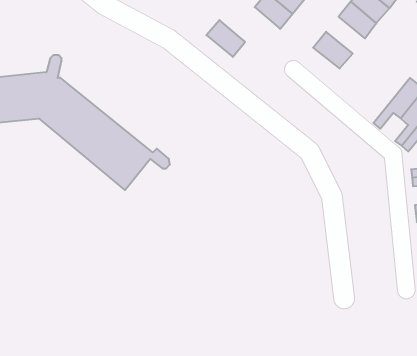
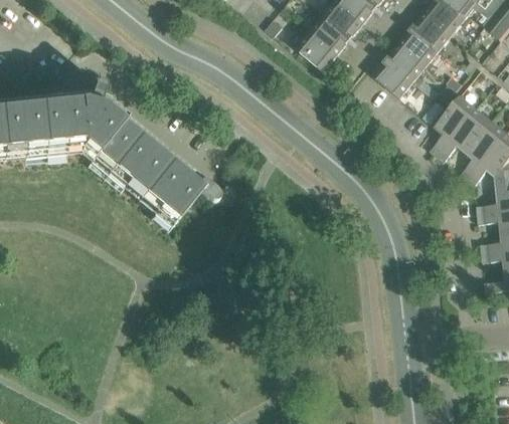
building: none -> [389,37,431,76]
building: [206,20,245,57] -> [299,27,340,66]
building: none -> [433,89,479,151]

